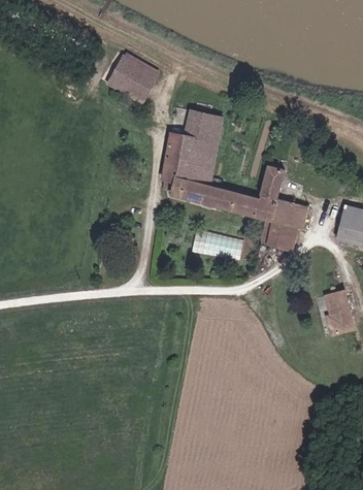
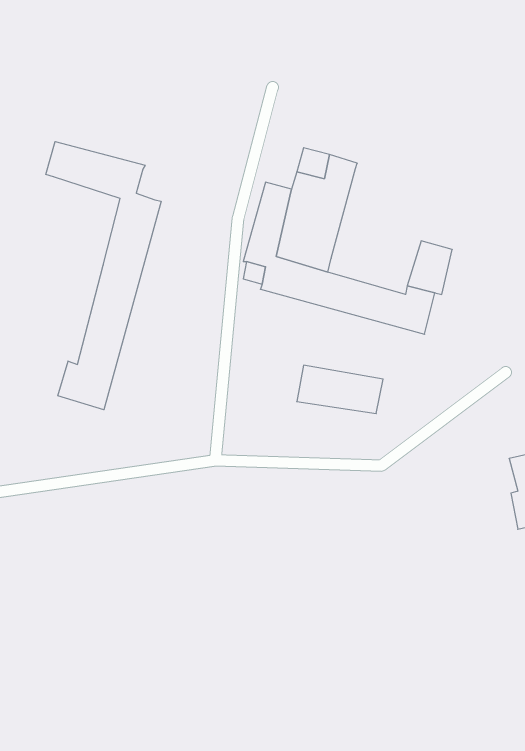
building: [109,52,160,100] -> none
building: none -> [46,142,161,410]
building: [266,195,307,249] -> none

